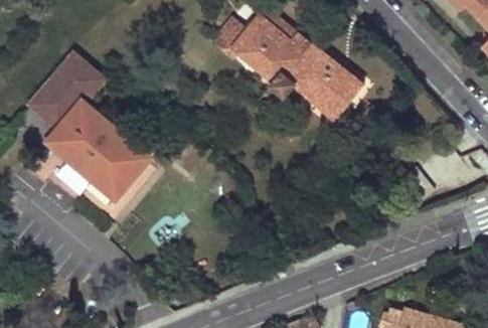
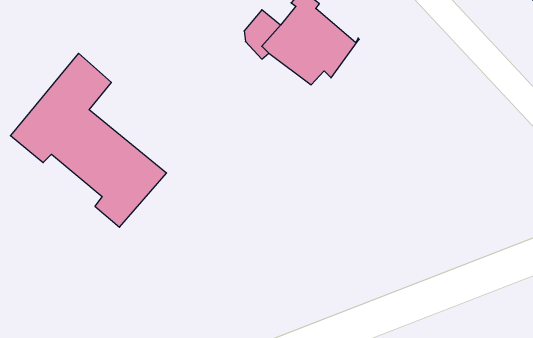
building: [269,43,363,120] -> none

